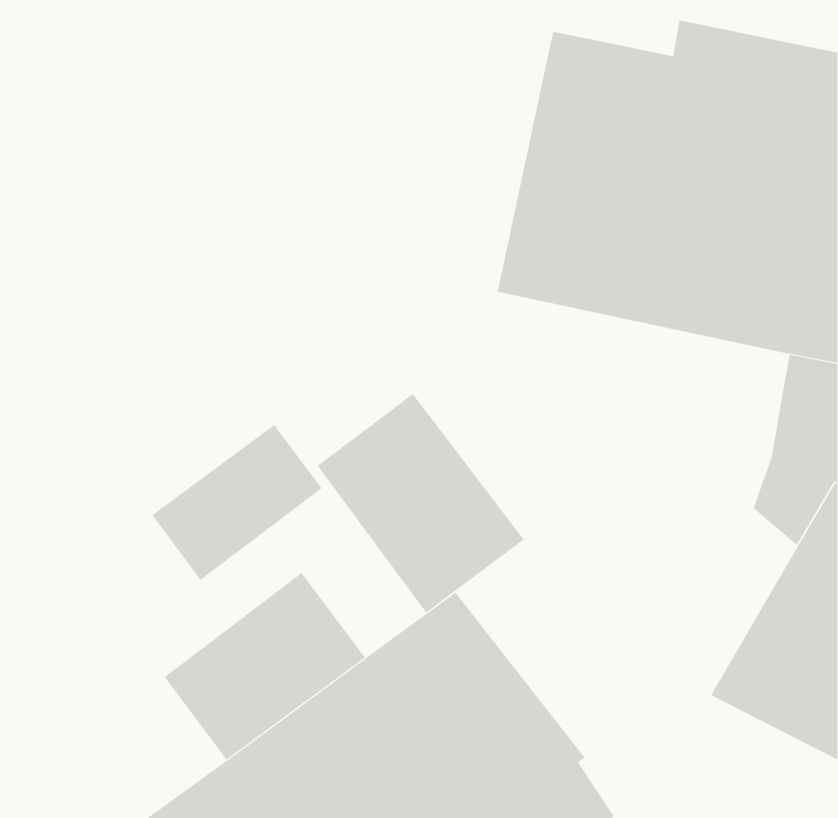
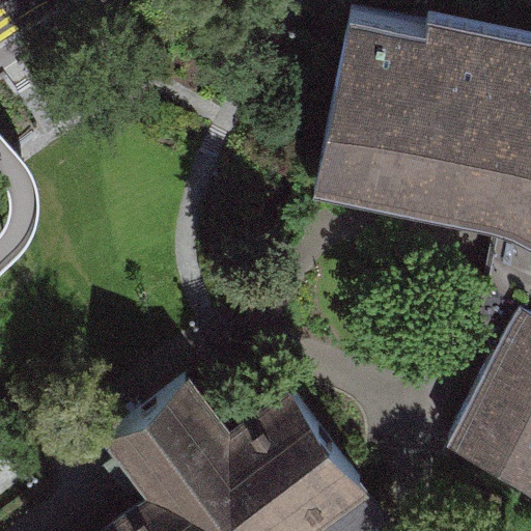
building: [317,393,524,613] -> none
building: [151,424,323,581] -> none

